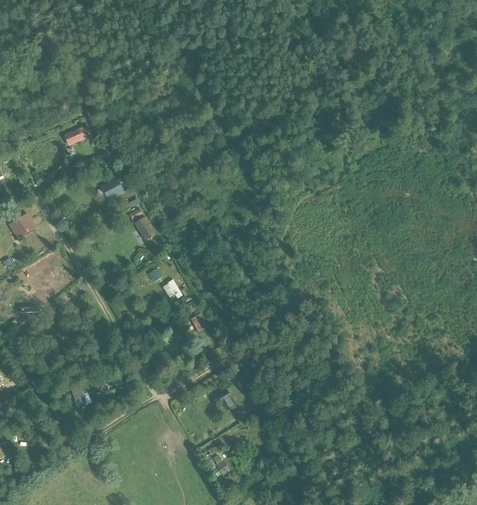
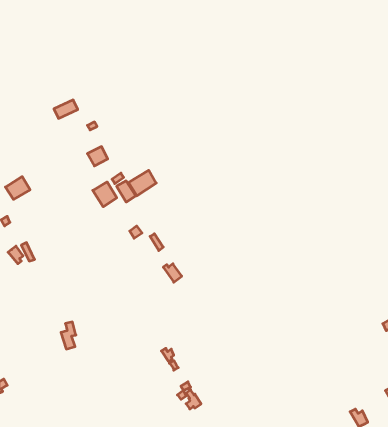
building: none -> [129,170,156,196]
building: none -> [93,182,117,207]

